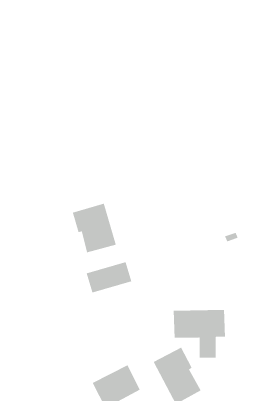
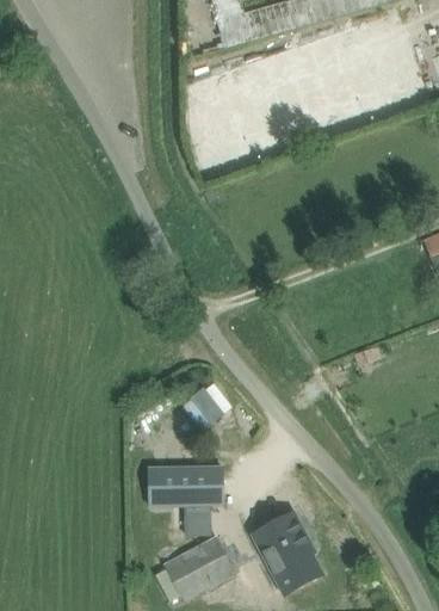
building: [72,203,116,253] -> none
building: [173,310,226,358] -> [148,464,223,533]

